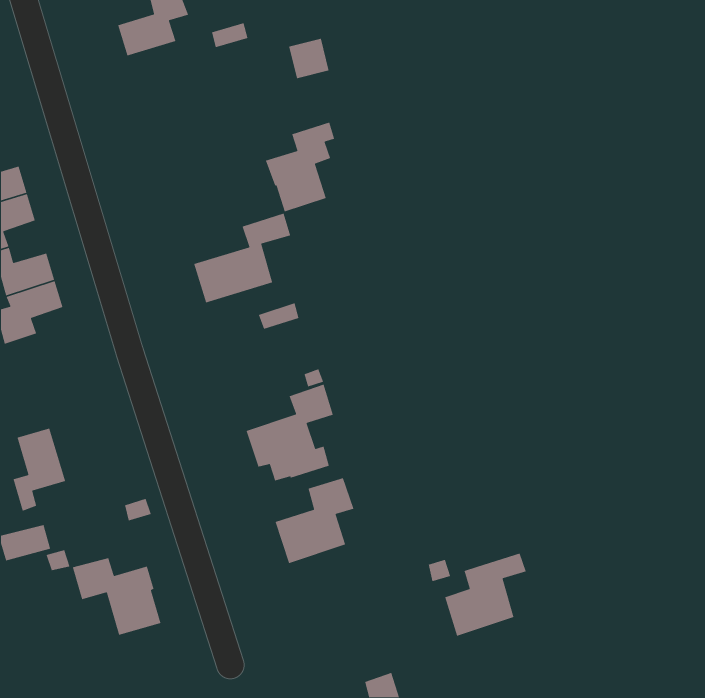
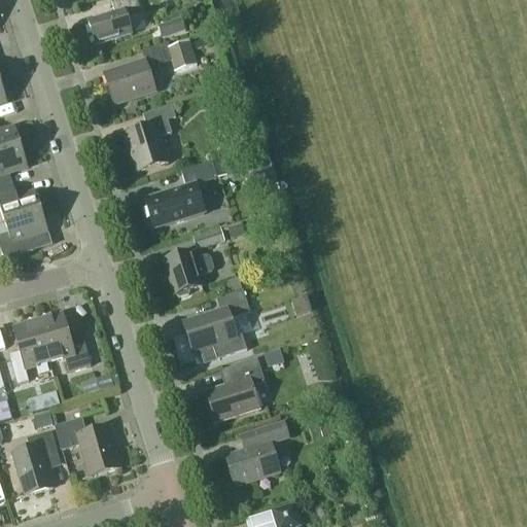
building: [288,38,330,79] -> [166,38,197,69]
building: none -> [104,59,154,102]
building: [265,121,335,212] -> [122,102,175,170]
building: none -> [163,248,212,294]
building: none -> [37,312,91,370]
building: [444,553,527,637] -> [225,421,287,484]
building: none -> [11,429,59,493]

